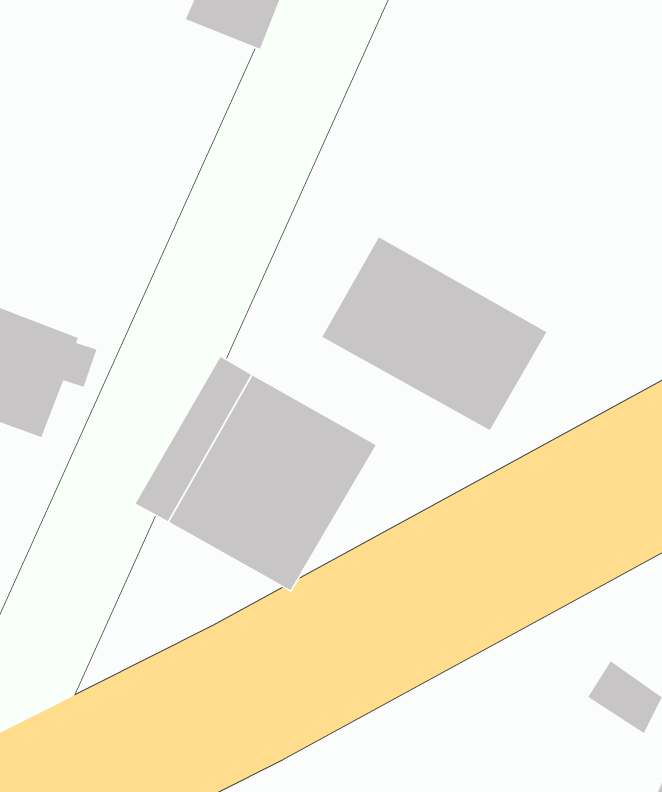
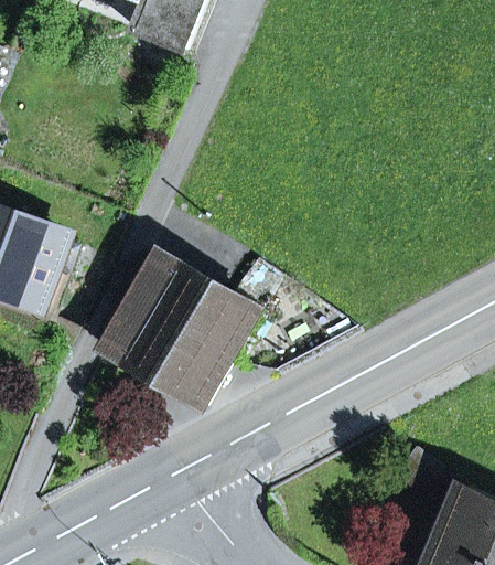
building: [321,236,547,431] -> none

